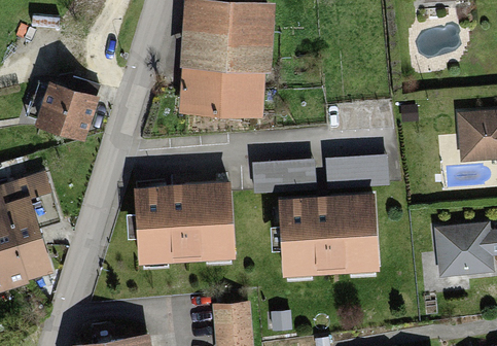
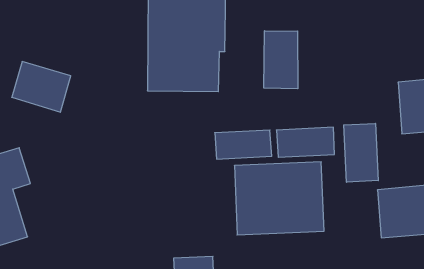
building: none -> [264,31,298,89]
building: none -> [344,123,378,182]
building: [131,181,230,262] -> none

